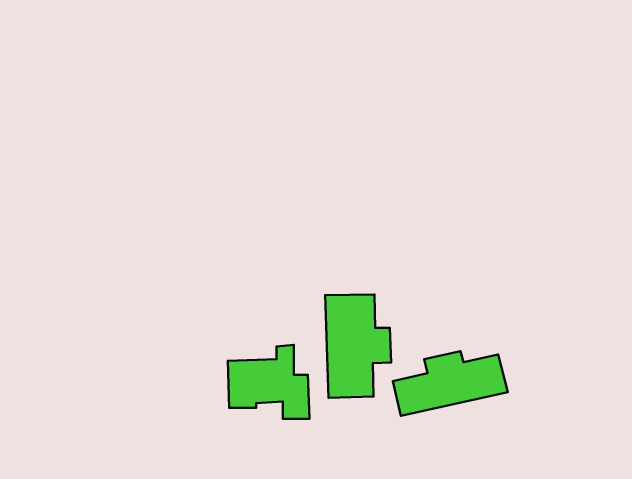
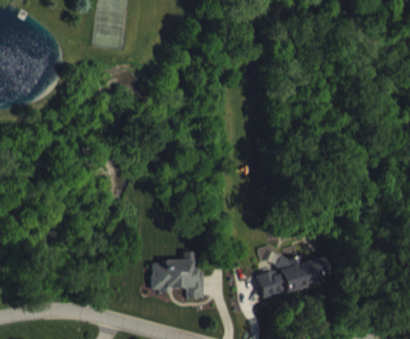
building: [325,294,391,398] -> none

